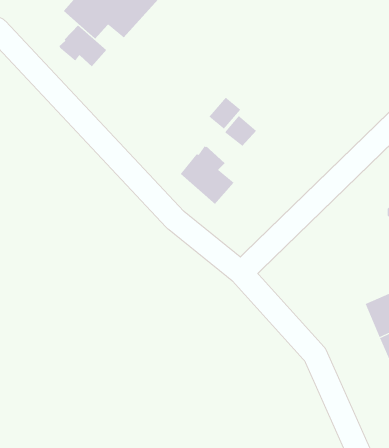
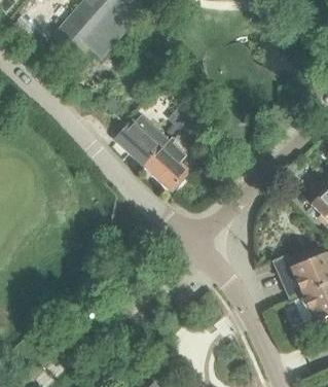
building: [58,25,107,67] -> none
building: none -> [117,121,166,164]

